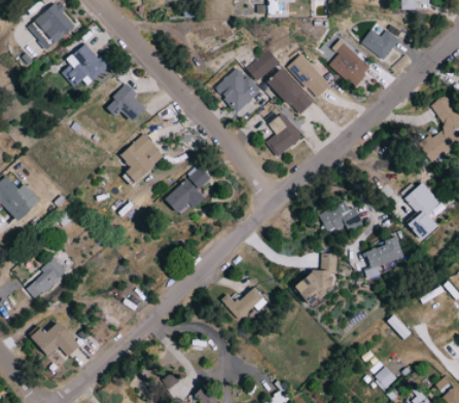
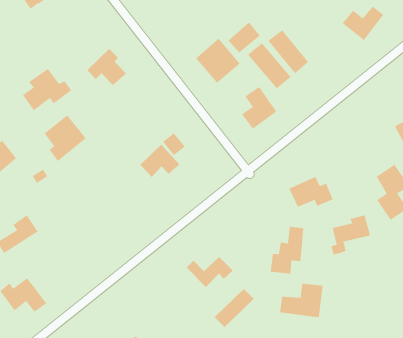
building: [329,39,370,91] -> none
building: [62,44,112,88] -> [22,68,72,111]
building: [121,135,165,183] -> [44,115,86,162]
building: none -> [279,283,323,318]
building: none -> [214,288,254,328]

